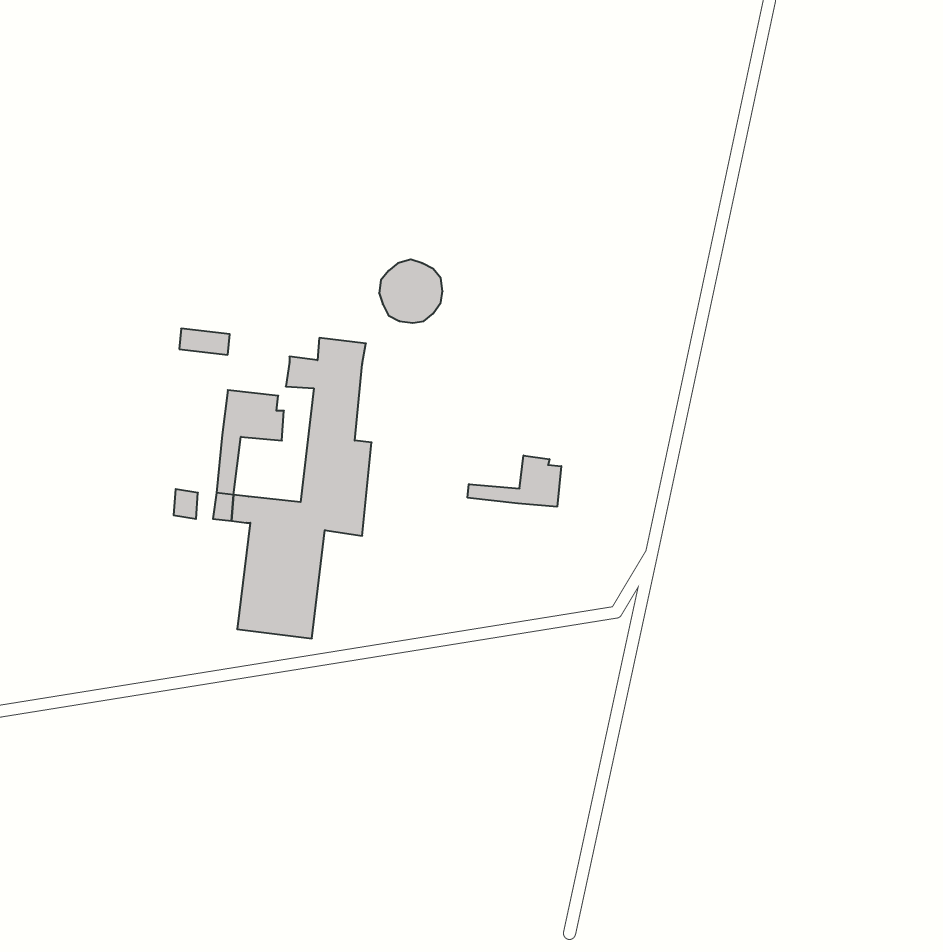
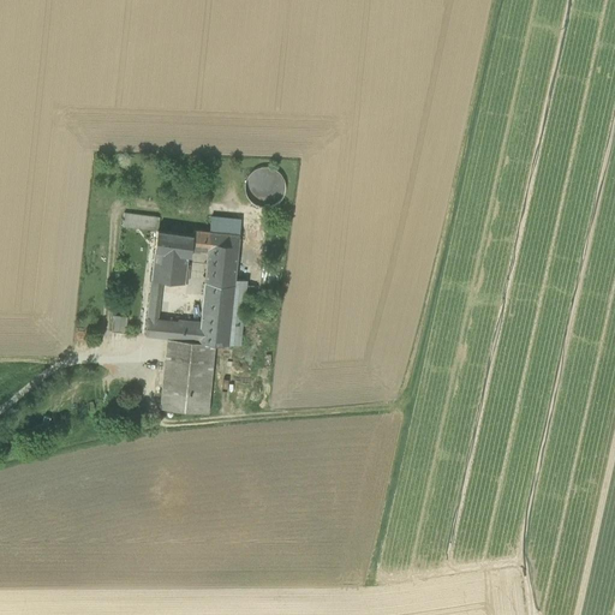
building: none -> [154,229,193,257]
building: [468,455,561,507] -> none

